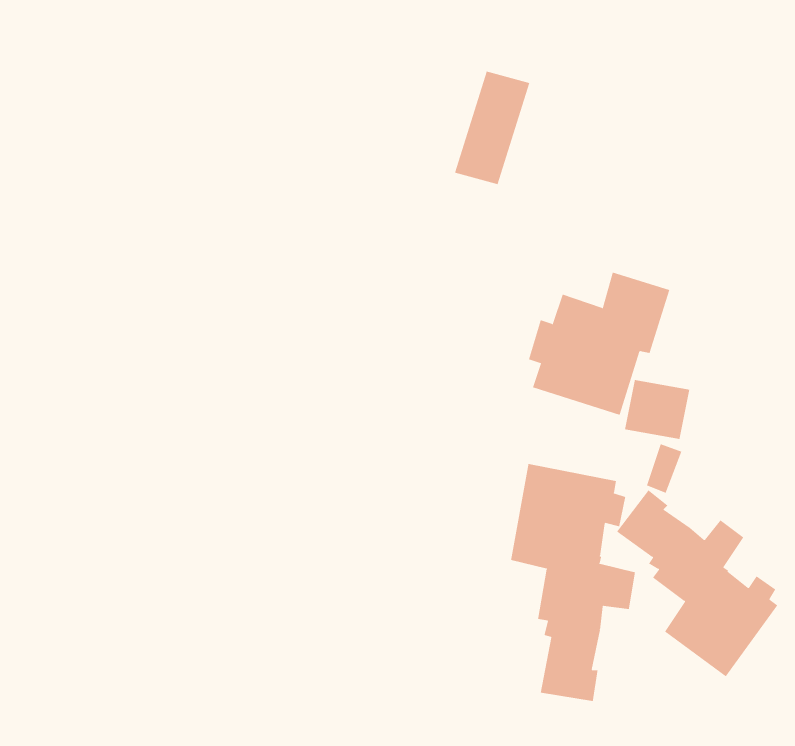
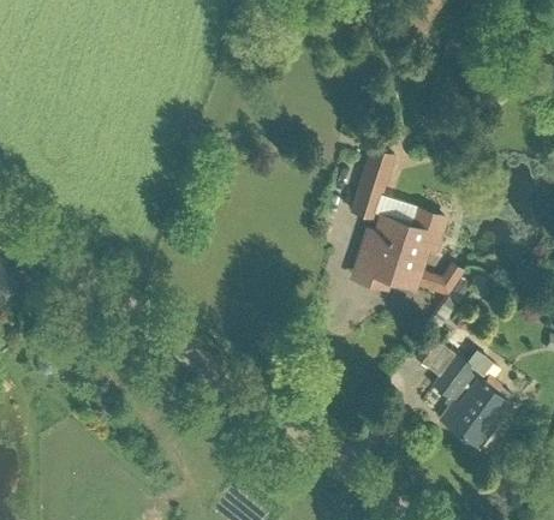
building: [454,71,530,185] -> [349,153,394,221]
building: [511,463,636,702] -> none

